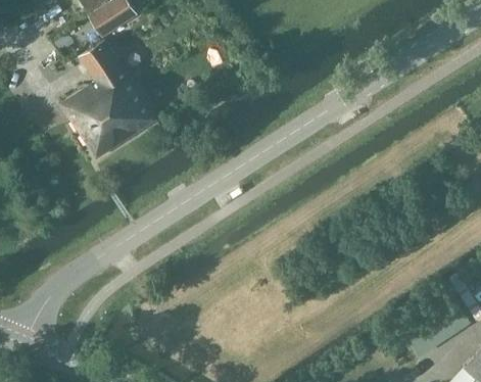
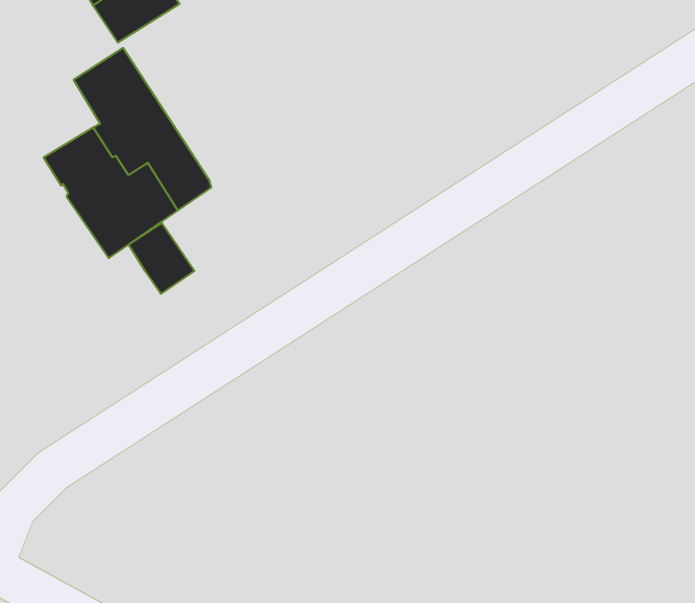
building: none -> [129,223,195,294]

